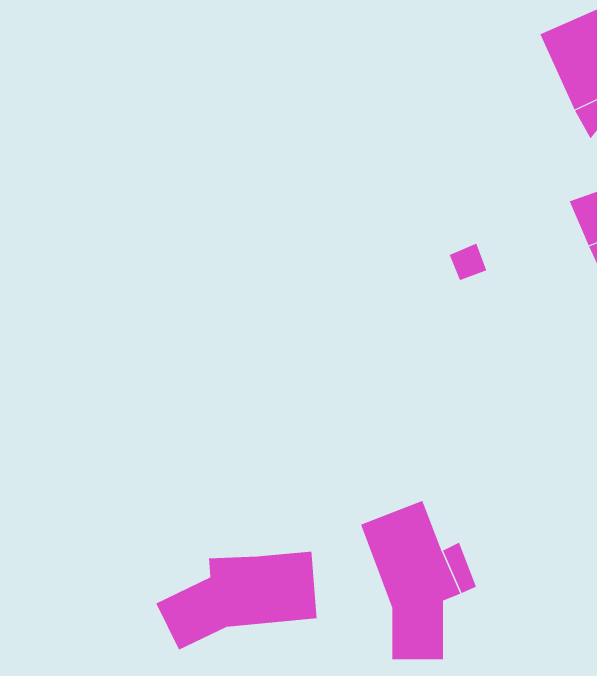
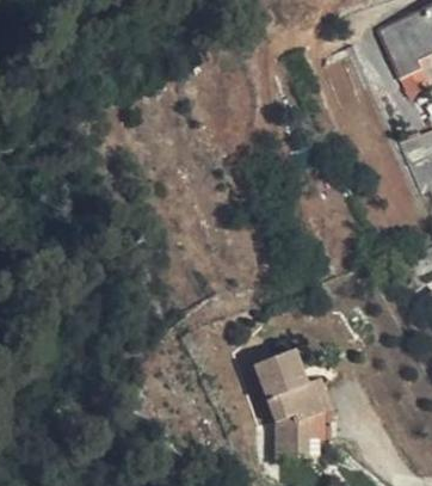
building: [156,551,317,651] -> none

